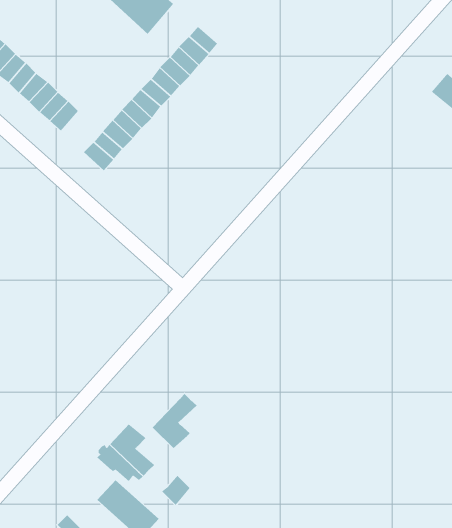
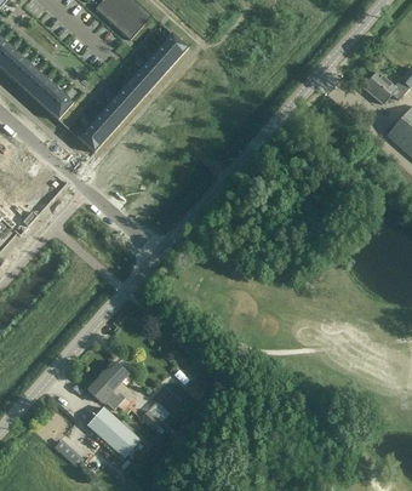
building: [152,393,198,449] -> none

